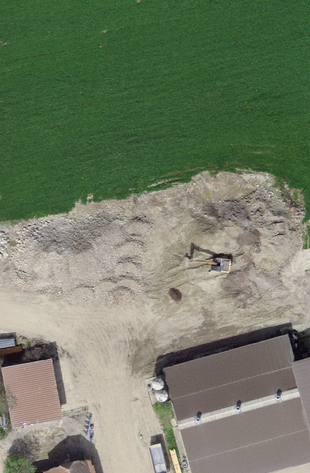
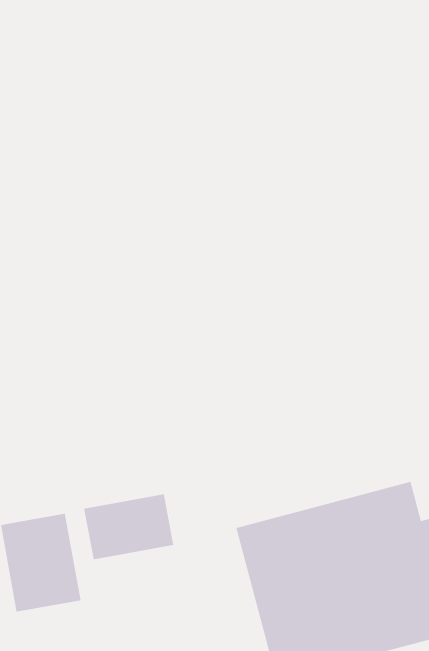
building: none -> [84,494,174,560]

